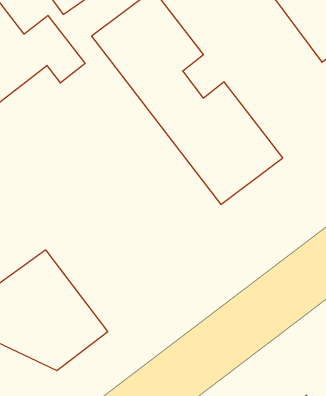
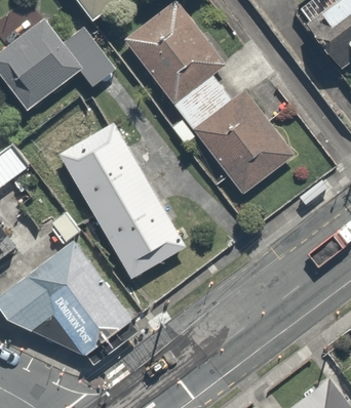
building: none -> [60,124,184,277]

